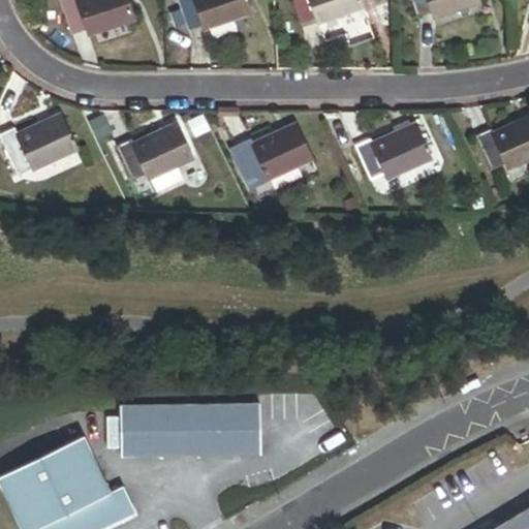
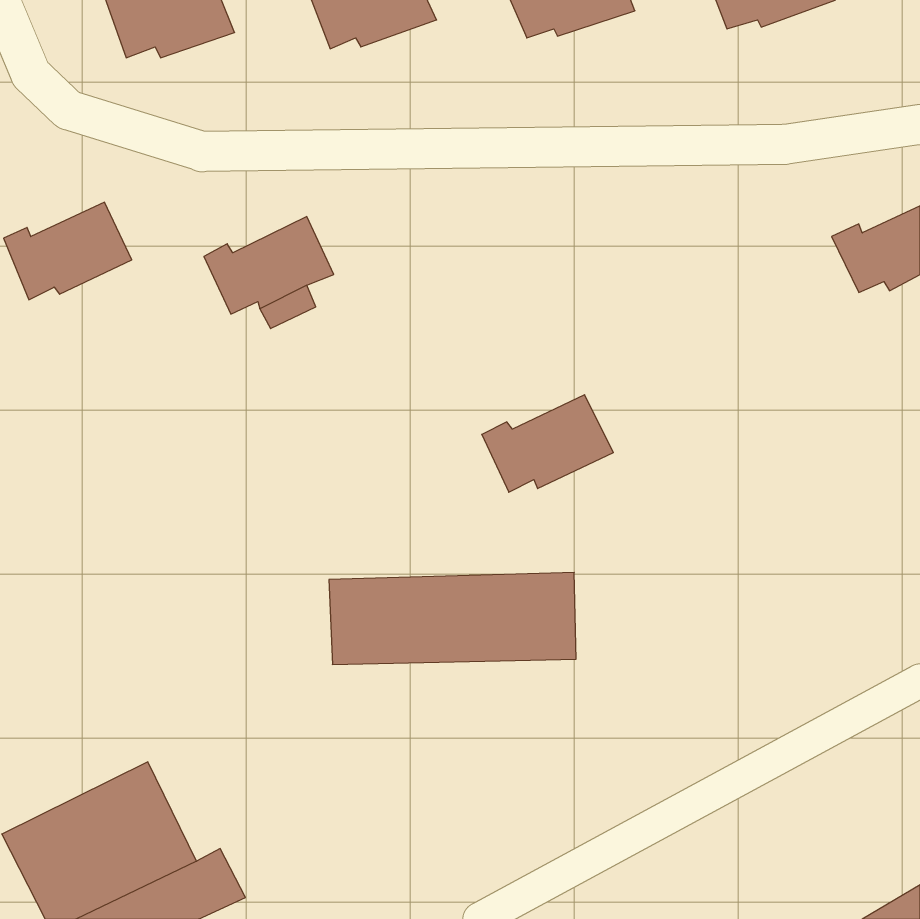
building: [237,124,312,180] -> [482,395,613,492]
building: [355,124,430,180] -> none
building: [124,403,266,456] -> [329,572,576,664]

